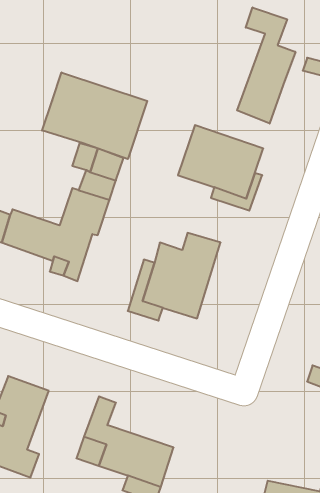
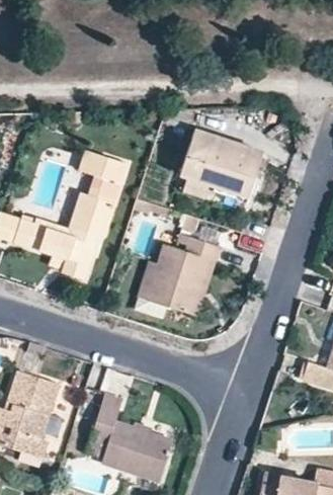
building: [237,7,295,124] -> none
building: [42,72,147,159] -> none

